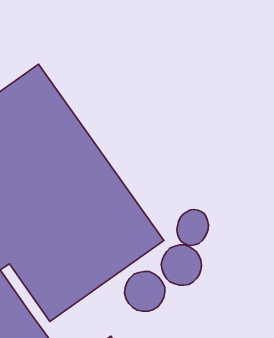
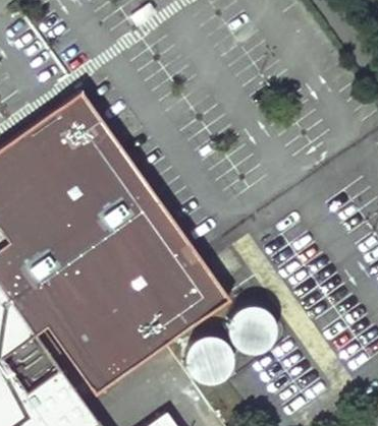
building: [177,209,208,245] -> none

